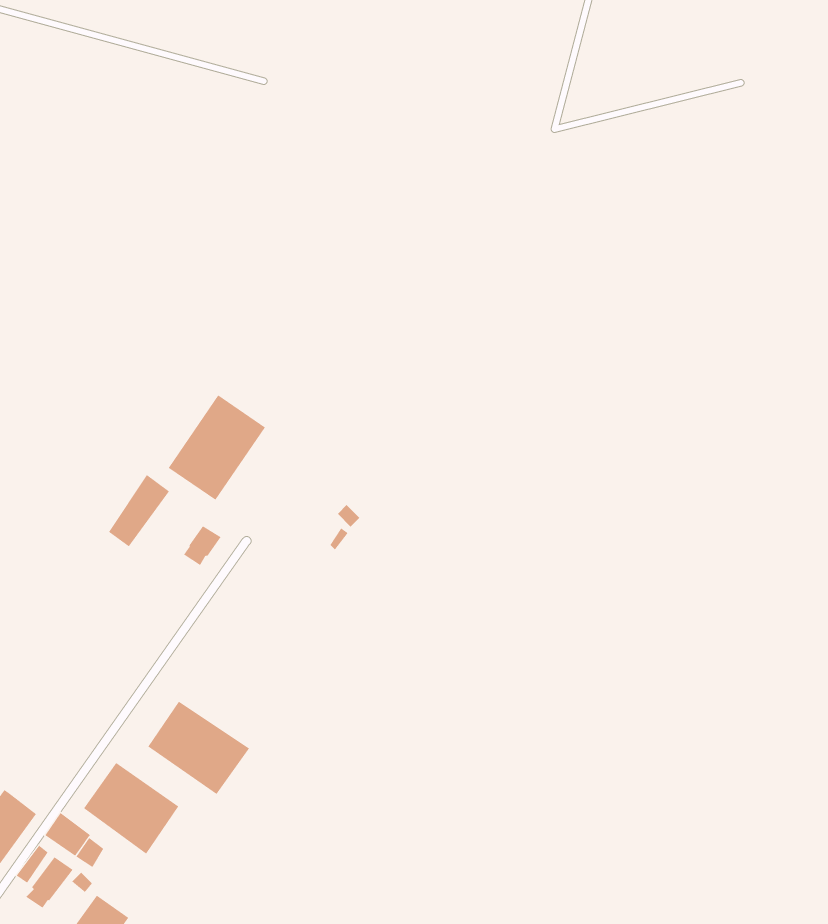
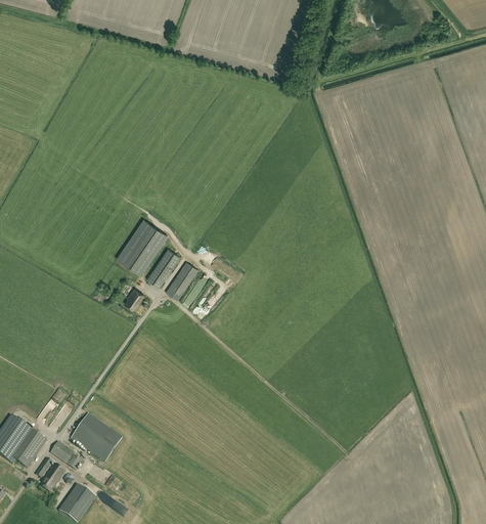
building: [108,474,170,547] -> [146,248,179,287]
building: none -> [165,261,197,300]
building: [148,701,250,795] -> none

